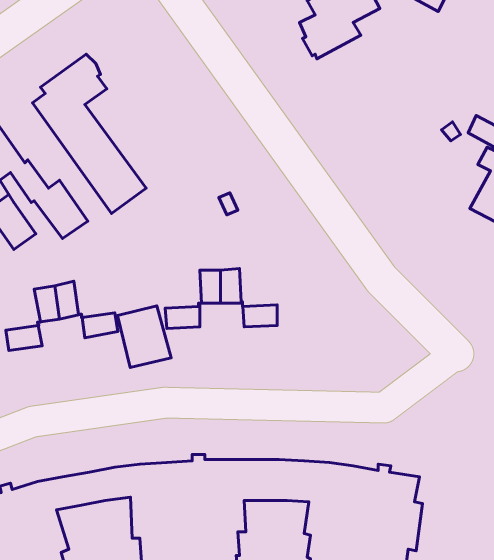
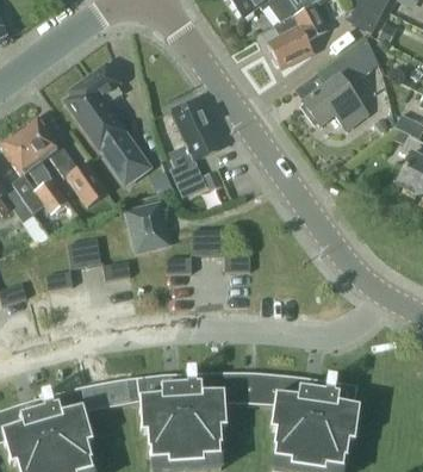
building: none -> [299,38,379,131]
building: none -> [169,98,220,187]
building: [118,306,171,367] -> [127,205,168,251]

